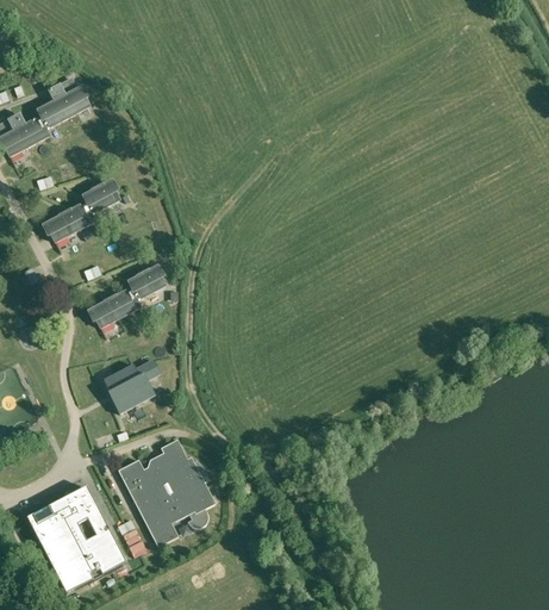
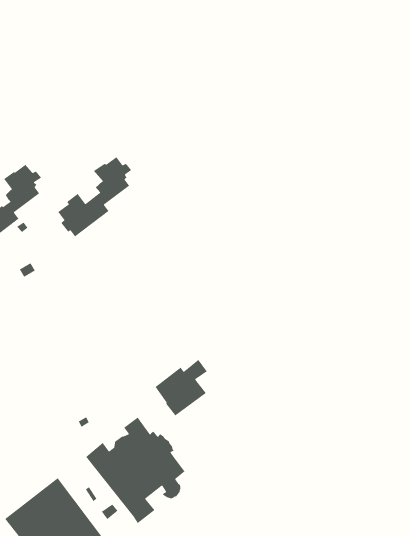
building: [87,254,169,328] -> [57,156,132,237]
building: [104,360,160,413] -> [155,359,208,417]

